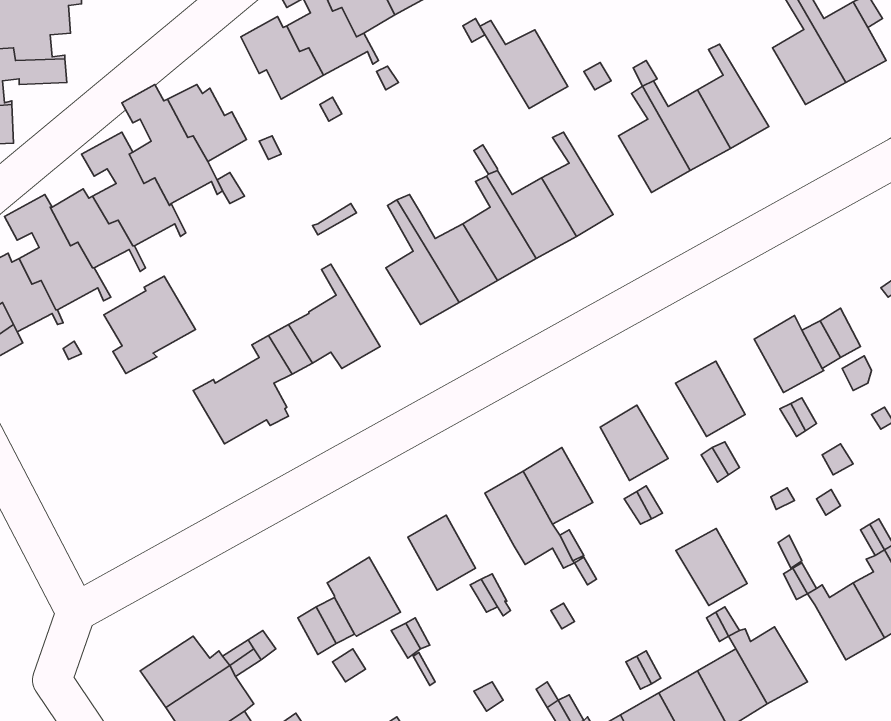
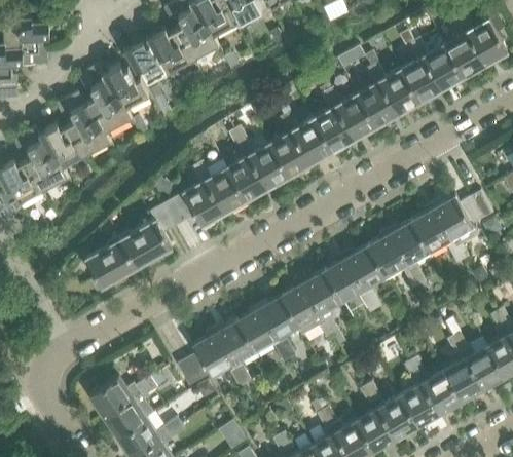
building: [480,21,568,109] -> [326,90,375,140]
building: none -> [123,40,168,86]
building: none -> [413,40,462,90]
building: none -> [195,162,246,214]
building: [104,276,195,373] -> [84,238,136,293]
building: none -> [411,210,449,252]
building: none -> [367,234,406,276]
building: none -> [325,259,363,301]
building: none -> [260,296,298,338]
building: [676,528,747,605] -> [444,358,484,402]
building: none -> [217,320,255,363]

